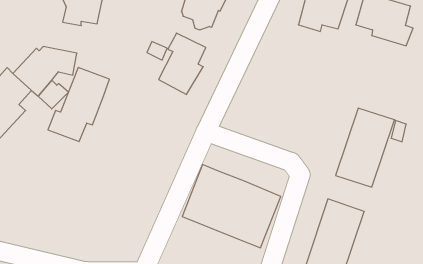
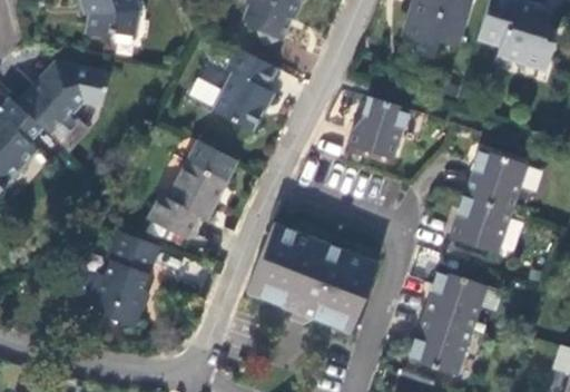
building: [48,67,109,142] -> [155,147,236,245]
building: none -> [346,97,407,159]
building: none -> [88,231,158,330]

